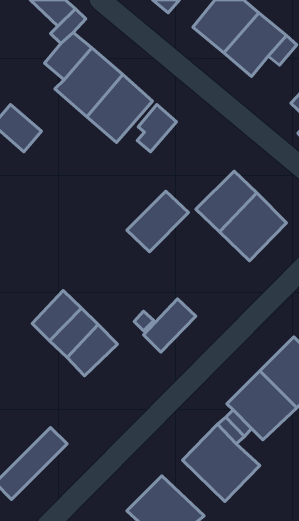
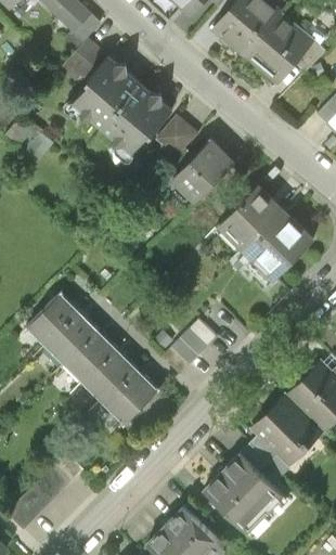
building: [127,191,189,252] -> [171,138,236,202]
building: none -> [26,293,78,346]
building: none -> [101,367,159,425]

